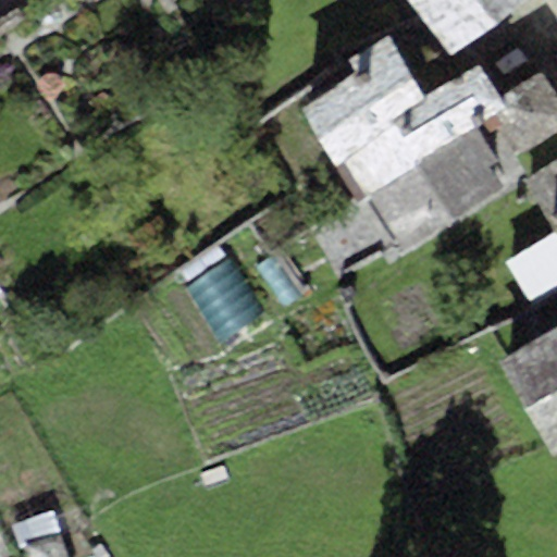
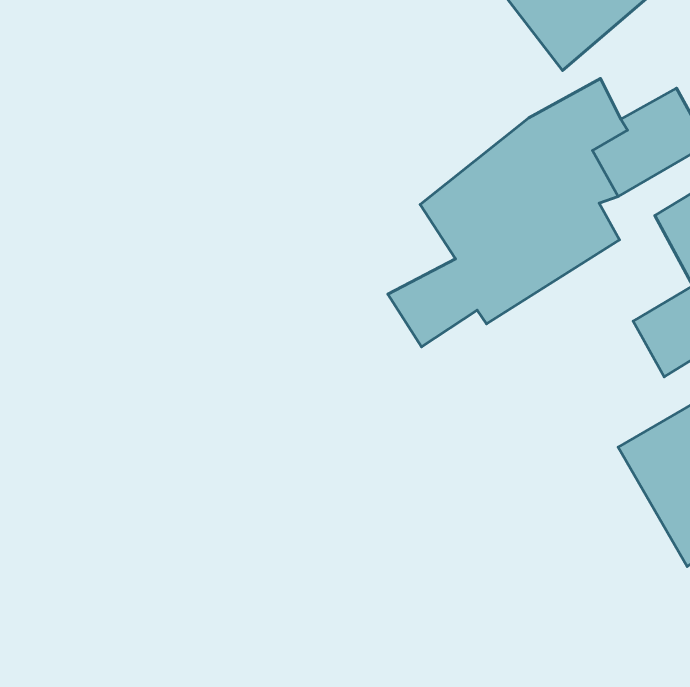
building: [304,35,426,164] -> none

